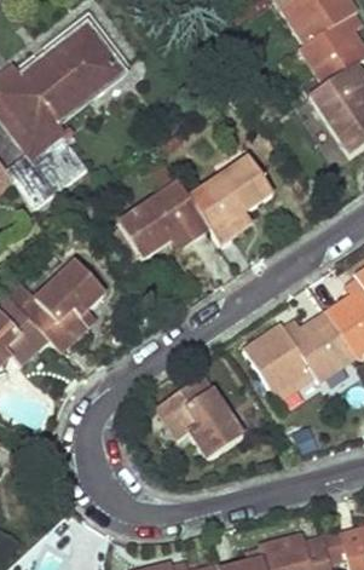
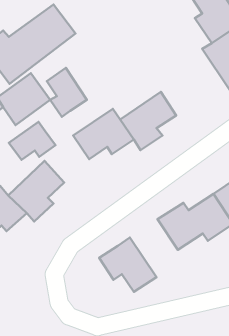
building: none -> [47,68,87,117]
building: none -> [9,122,55,160]

